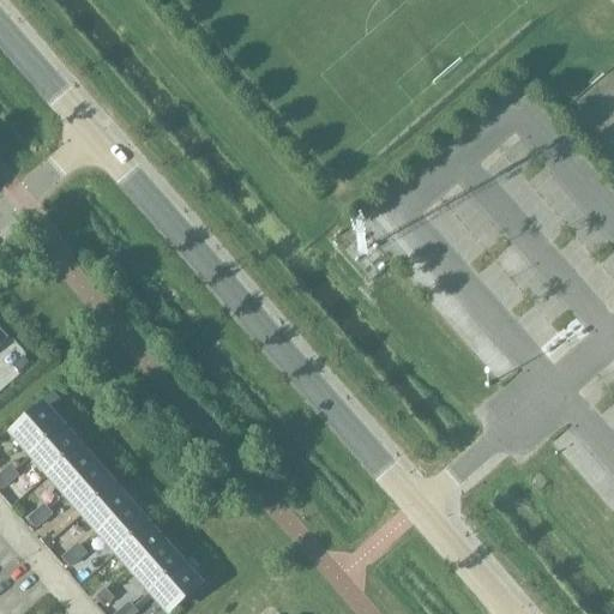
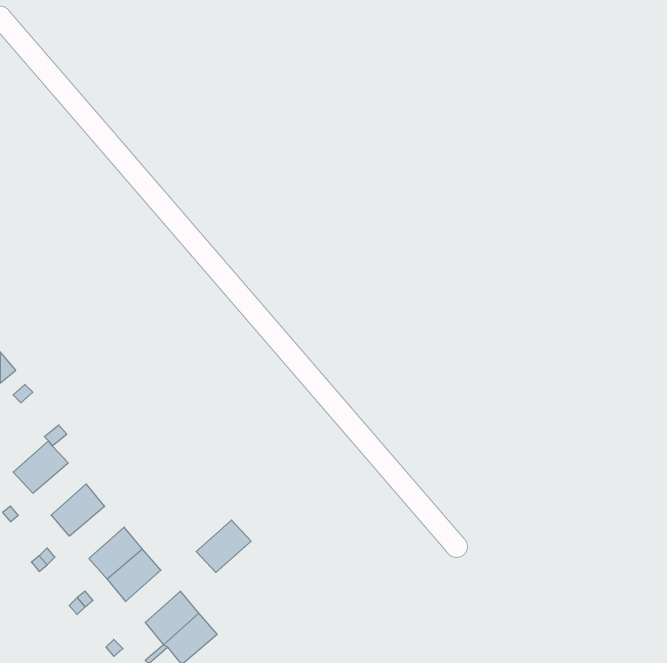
building: [31,425,80,472] -> none
building: [65,464,115,512] -> none
building: [116,523,167,571] -> [196,520,251,572]

